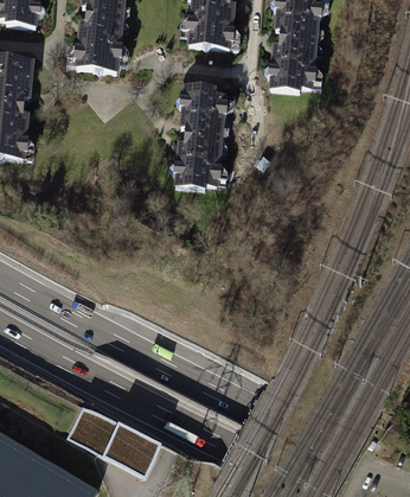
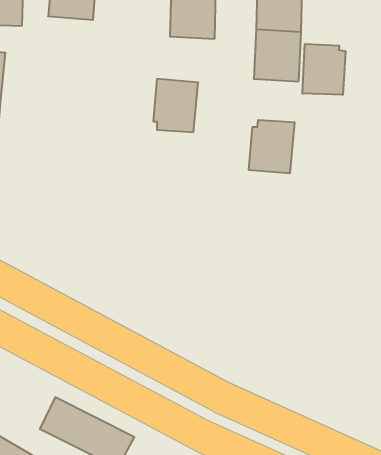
building: [71,21,120,75] -> none
building: none -> [302,44,345,95]
building: [174,135,220,189] -> [249,120,295,173]

